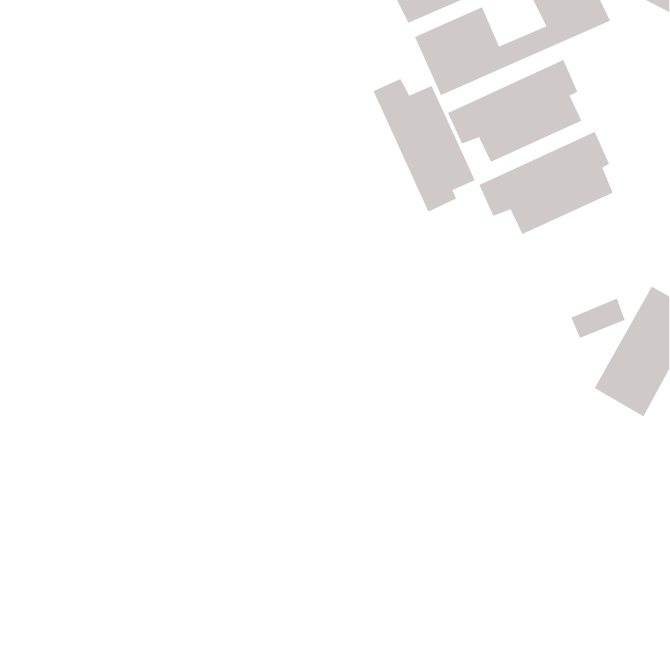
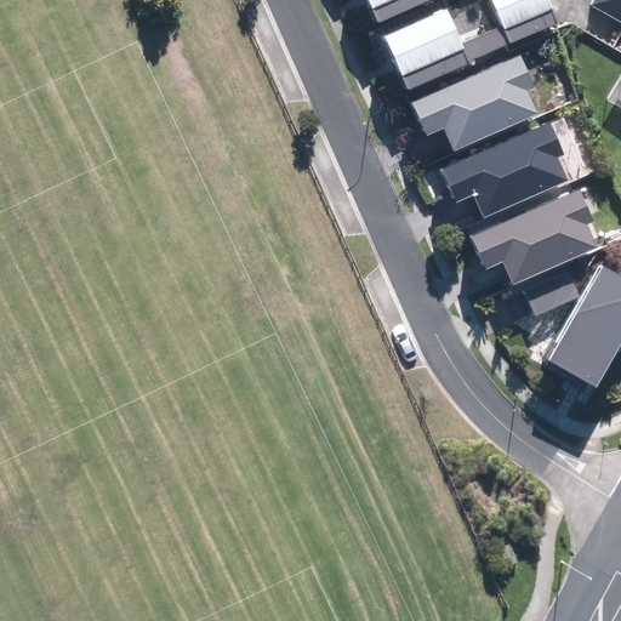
building: [373,78,476,213] -> none
building: none -> [471,188,597,284]

